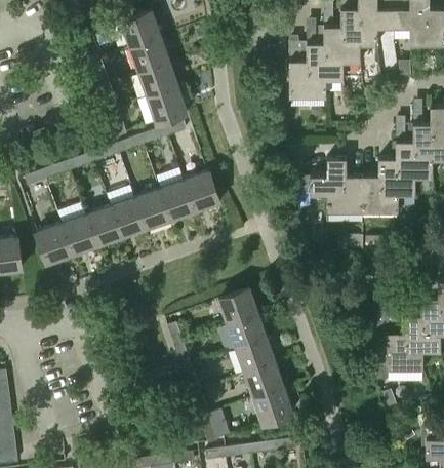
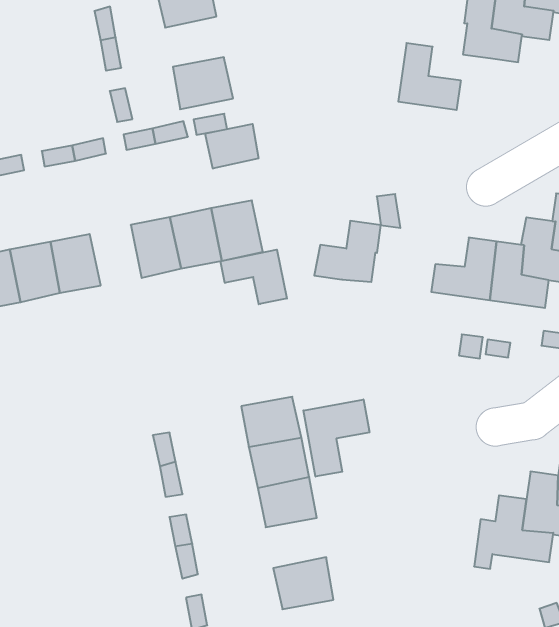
building: [306,44,342,81] -> none
building: [138,62,177,96] -> none
building: none -> [205,124,258,169]
building: [309,159,346,196] -> [314,221,381,282]
building: [110,198,146,238] -> none
building: none -> [221,250,287,304]
building: none -> [303,399,369,477]
building: [244,363,284,398] -> none

